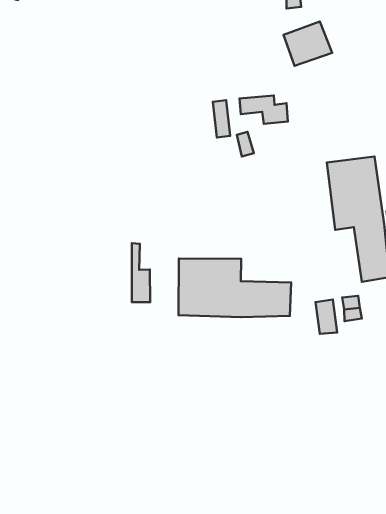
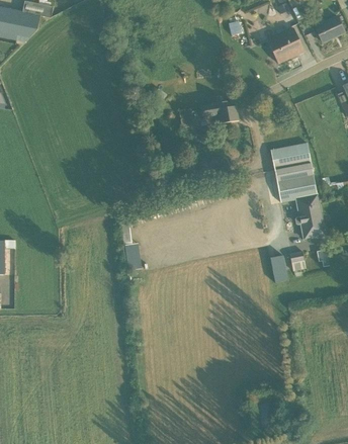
building: [283,22,332,66] -> [266,27,304,63]
building: [179,259,291,317] -> none

